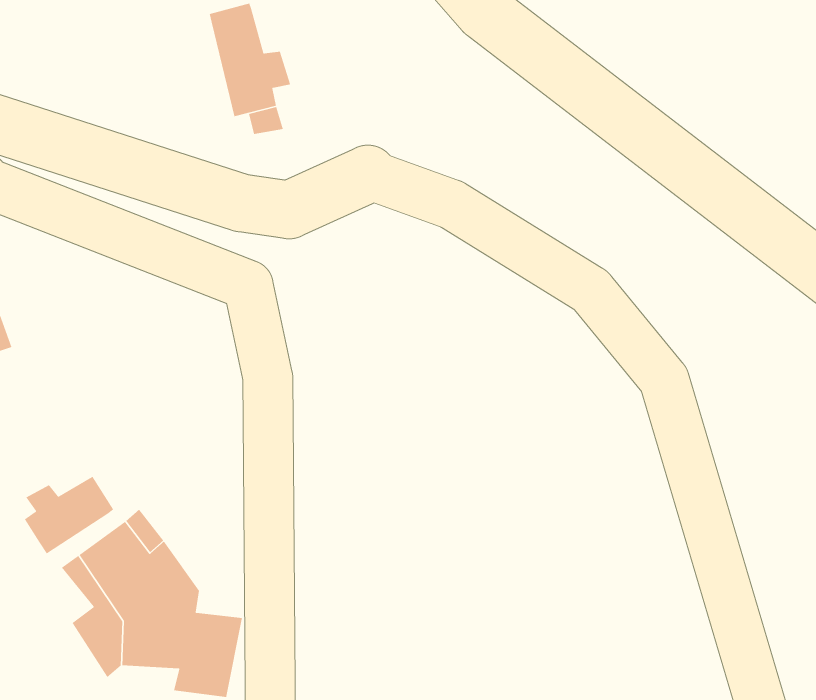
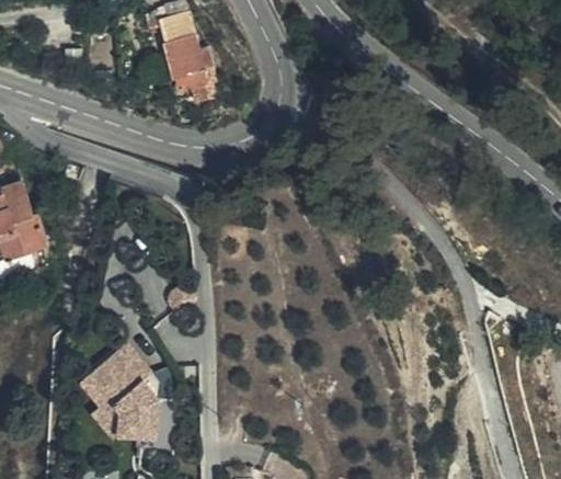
building: [24,476,114,554] -> none

